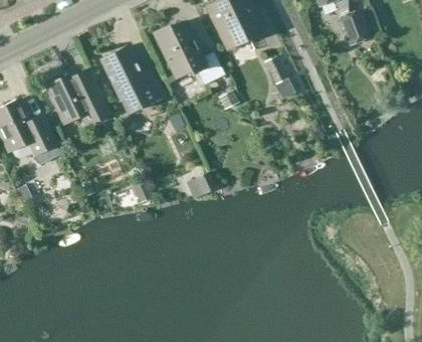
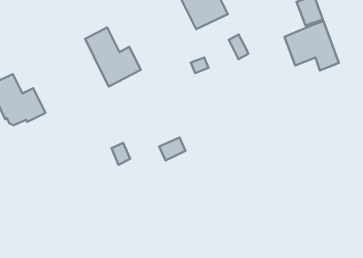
building: [153,21,223,86] -> none
building: none -> [284,21,339,70]
building: [45,72,110,123] -> none

